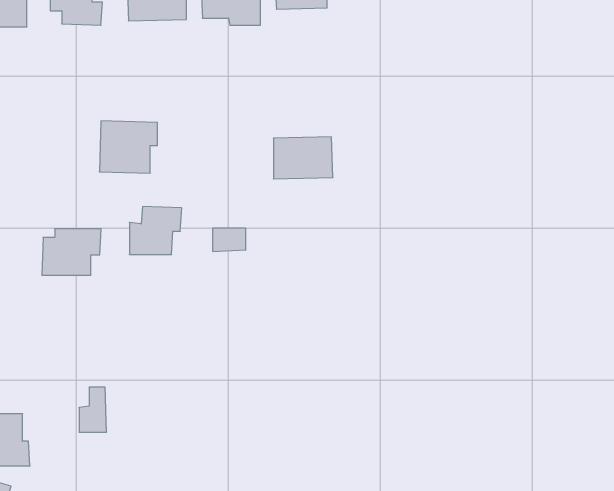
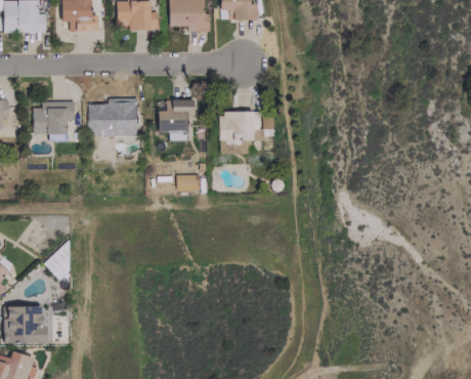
building: [129,207,182,254] -> [158,99,195,133]
building: [42,229,101,275] -> [33,101,75,134]
building: [79,387,107,432] -> [50,244,70,276]

